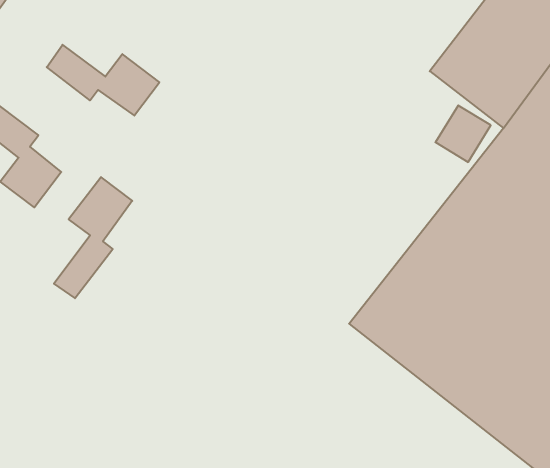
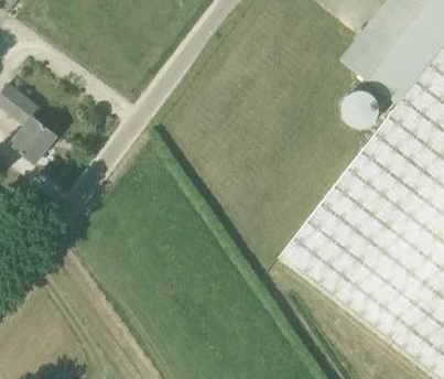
building: [47,45,159,116] -> none
building: [54,177,132,298] -> none

